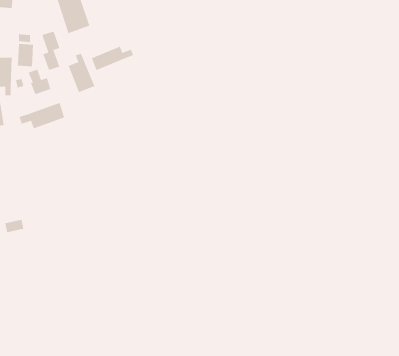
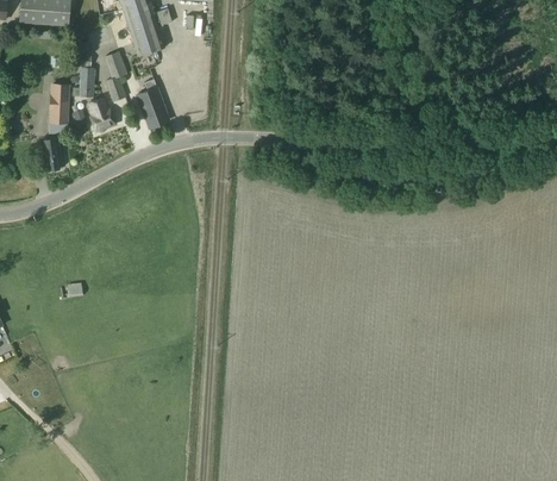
building: [91,46,134,71] -> none
building: [19,102,65,129] -> none

